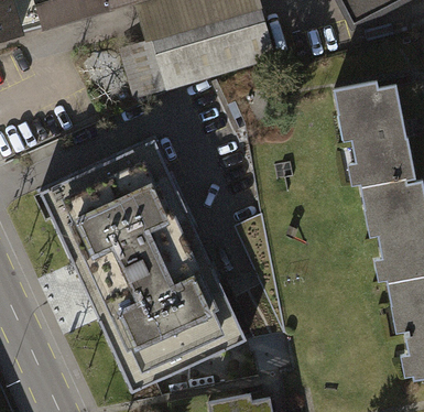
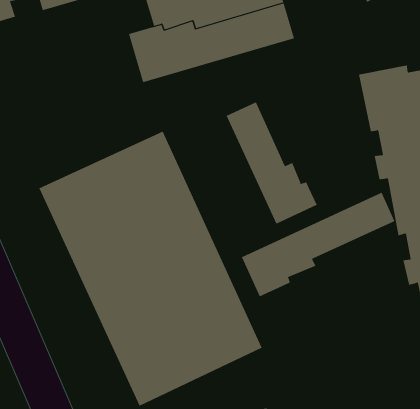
building: none -> [226,101,318,224]
building: none -> [241,192,395,297]

